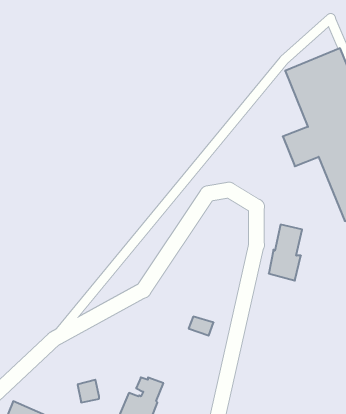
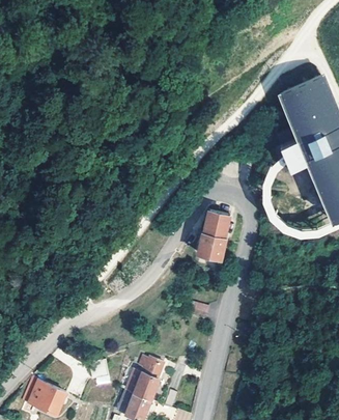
building: [269,225,302,281] -> [201,212,230,260]

